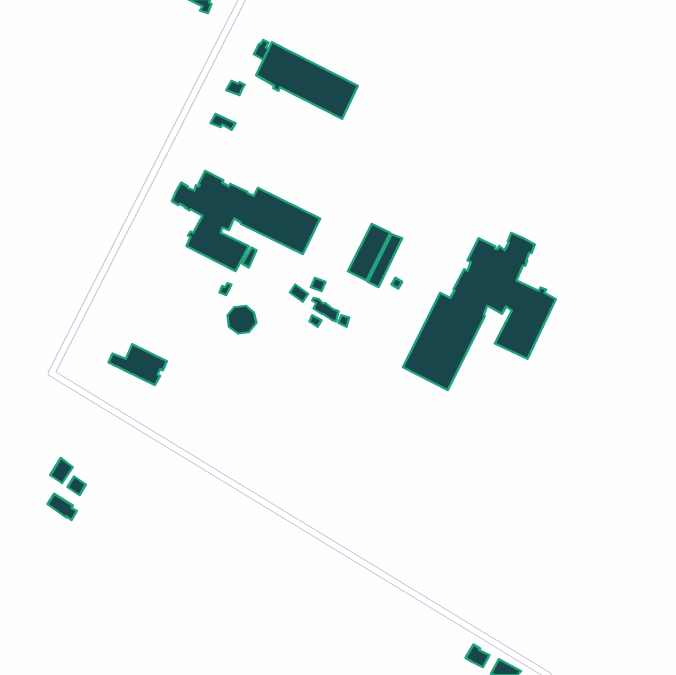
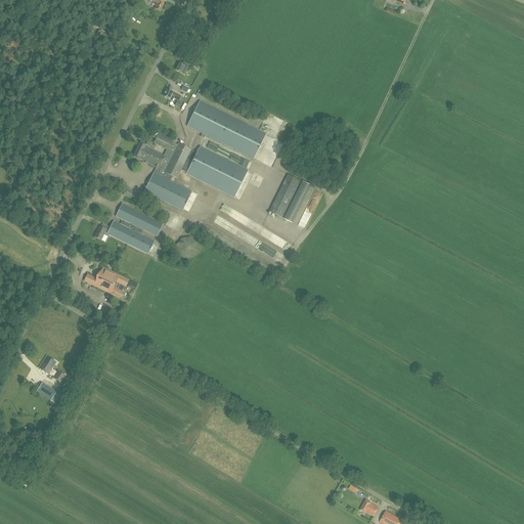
building: [256,42,358,119] -> [187,99,266,159]
building: [403,233,556,390] -> none
building: none -> [93,203,164,253]

